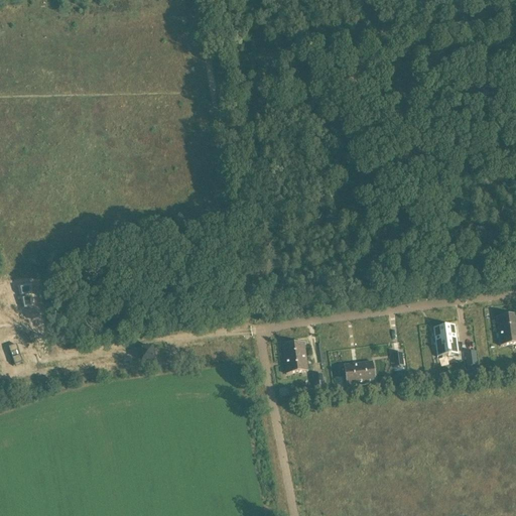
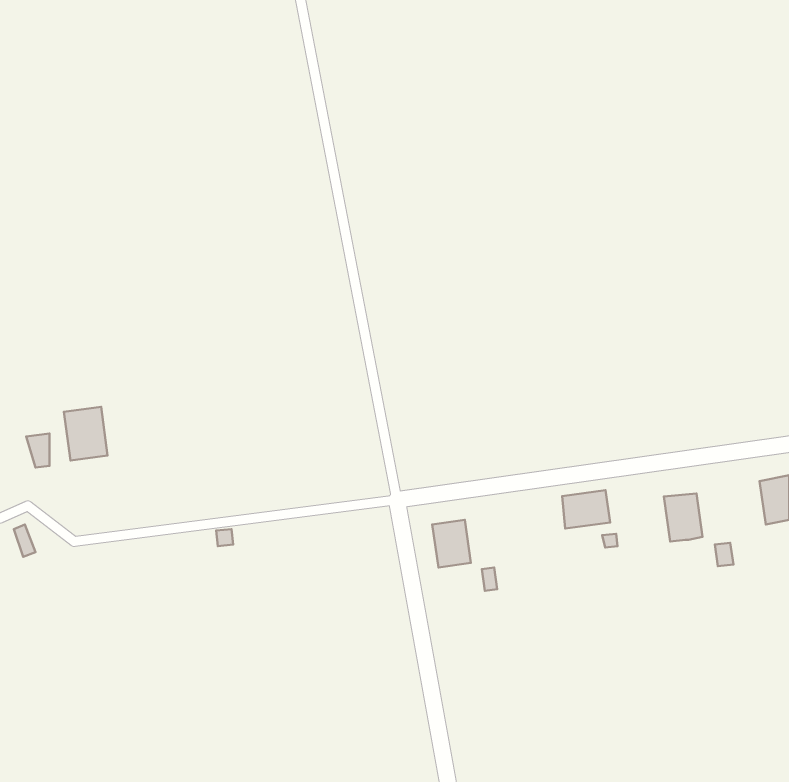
building: none -> [64,407,108,461]
building: [344,359,375,384] -> [562,490,610,529]

